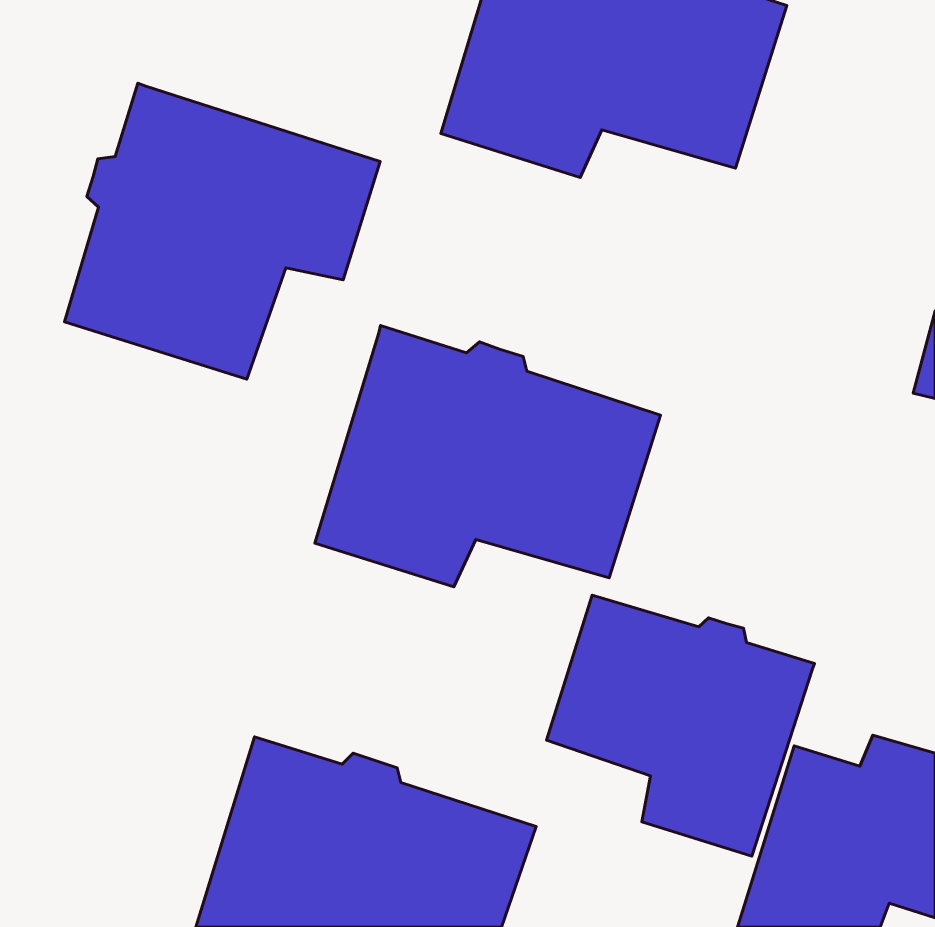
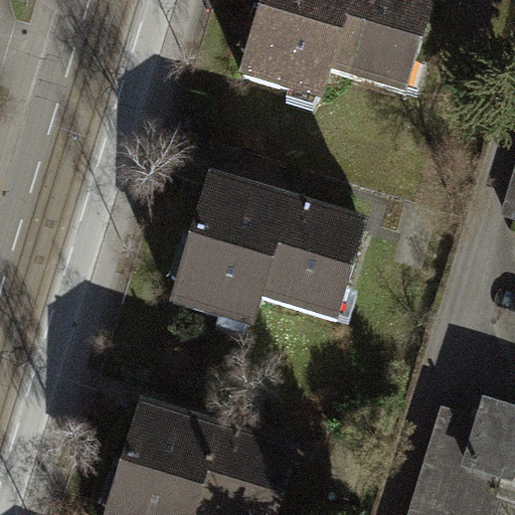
building: [65,83,380,379] -> none
building: [547,595,815,856] -> none

